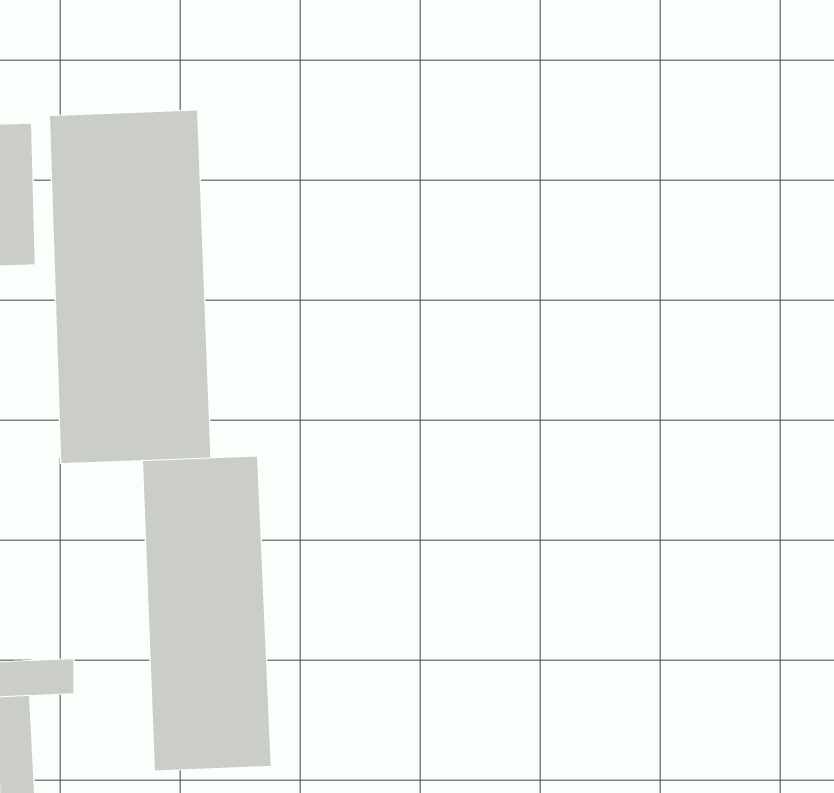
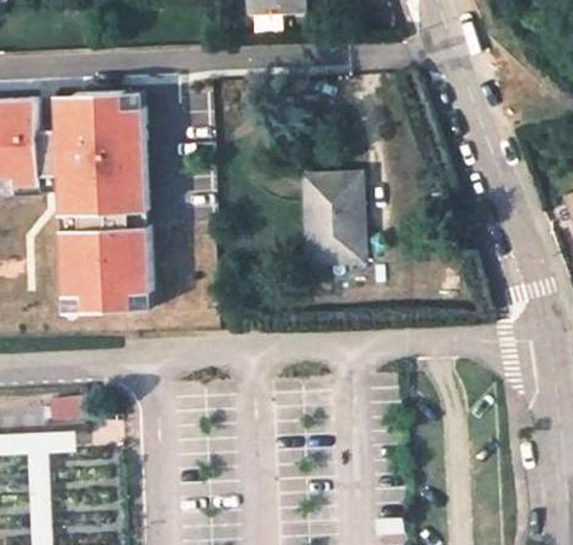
building: none -> [300,176,357,269]
building: [142,456,271,771] -> none

